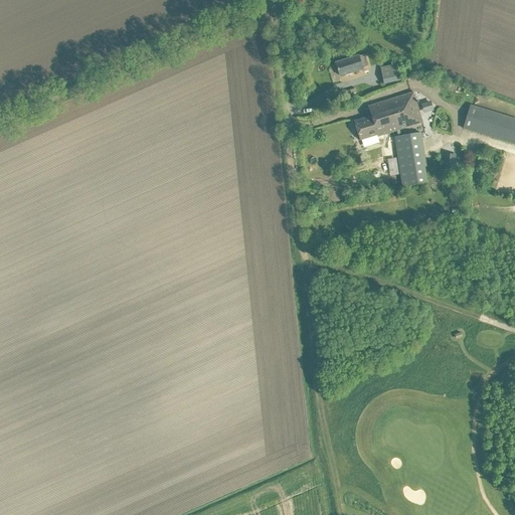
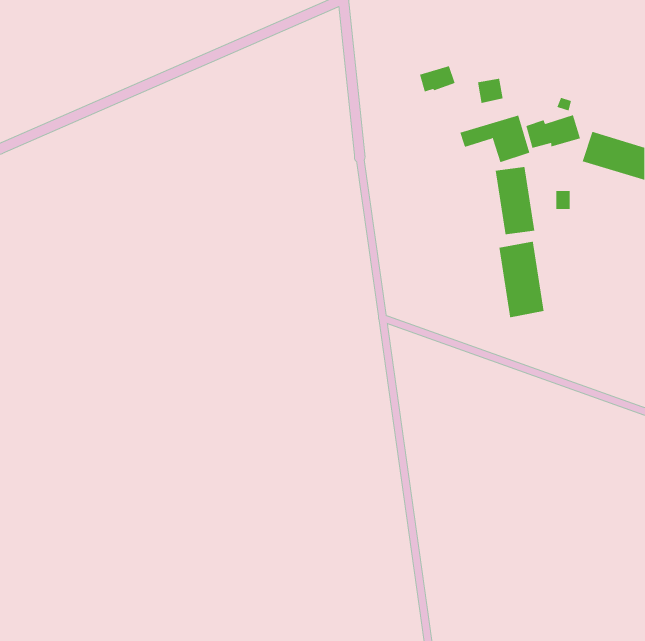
building: [354,111,398,138] -> [525,115,581,149]
building: none -> [499,241,544,318]

